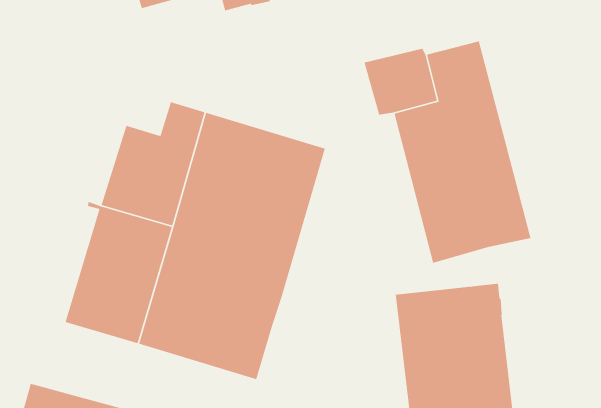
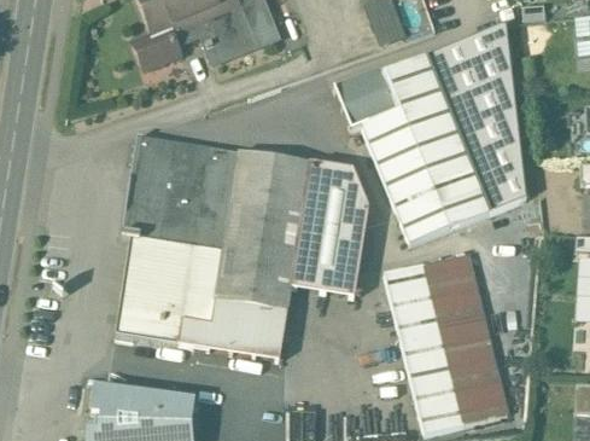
building: none -> [426,24,527,214]
building: none -> [122,135,179,233]
building: none -> [292,162,369,297]

